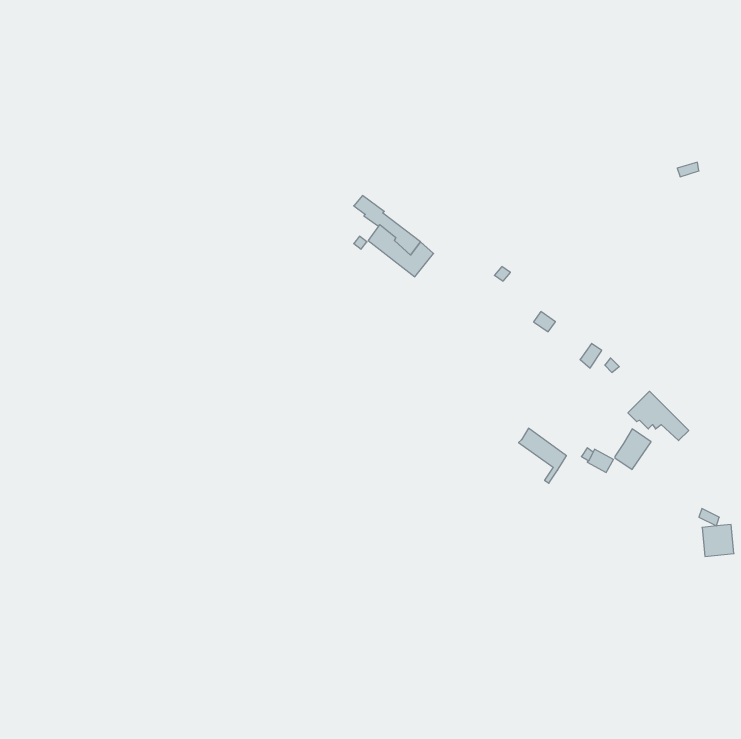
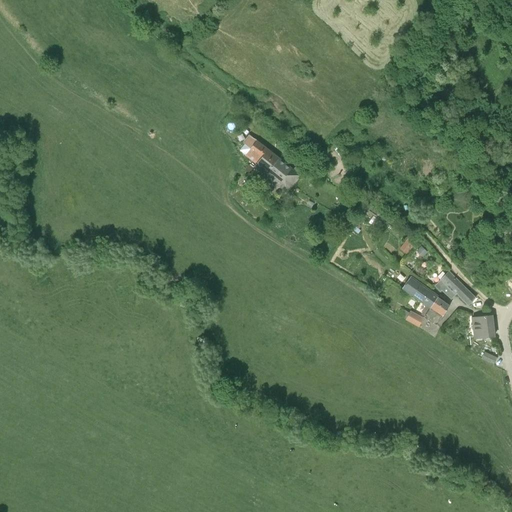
building: [519,428,566,483] -> [403,277,436,315]
building: [702,525,734,556] -> [472,315,494,337]

